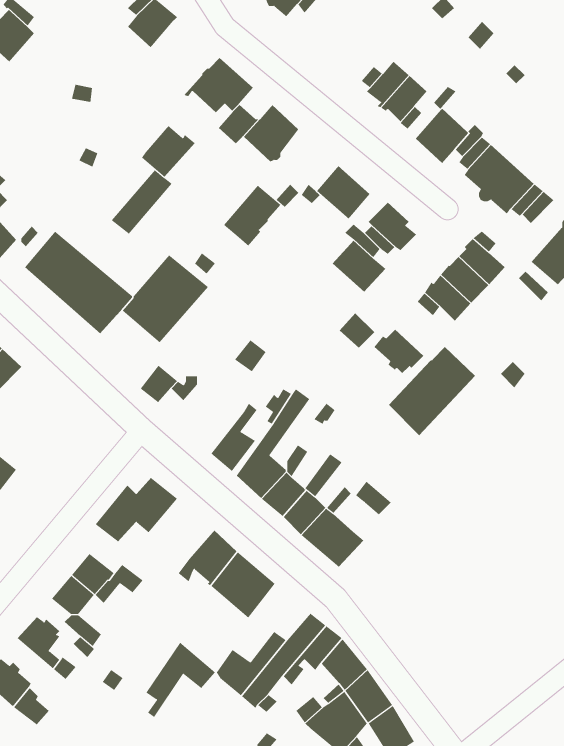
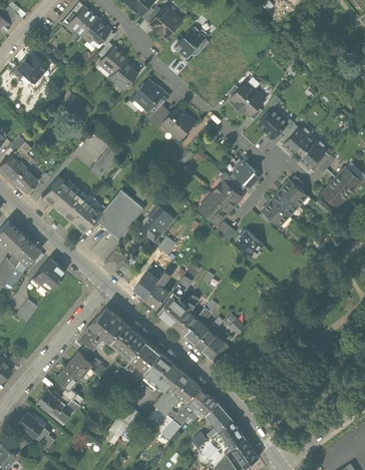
building: [141,125,195,178] -> [109,60,139,89]
building: [316,165,371,220] -> [200,194,230,224]
building: [223,185,281,246] -> [140,207,172,242]
building: [388,346,476,436] -> none
building: none -> [33,260,65,293]
building: none -> [133,268,162,300]
building: none -> [110,325,146,358]
building: none -> [153,372,200,415]

